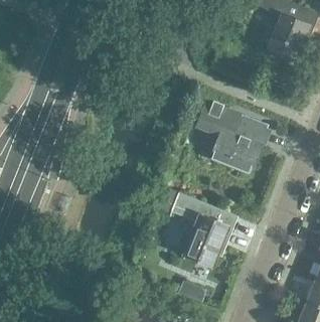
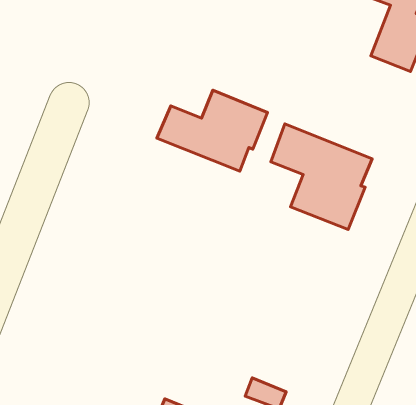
building: none -> [157,90,267,171]
building: [170,192,237,269] -> none

